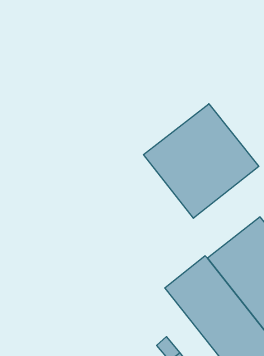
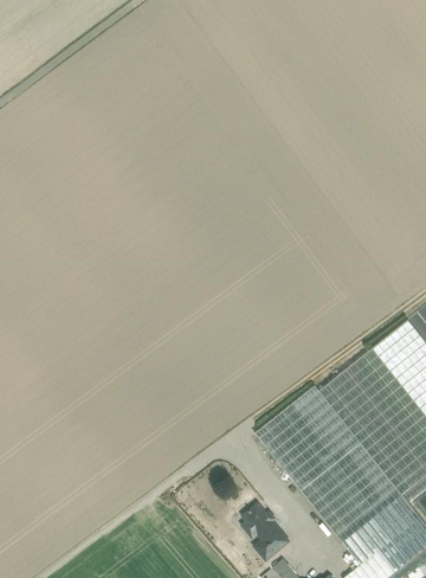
building: [144,104,259,218] -> none

